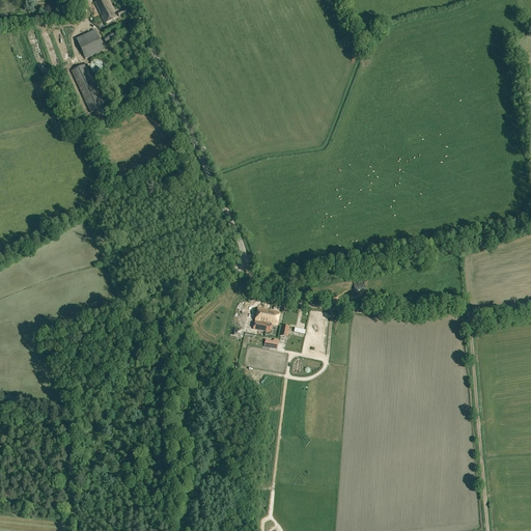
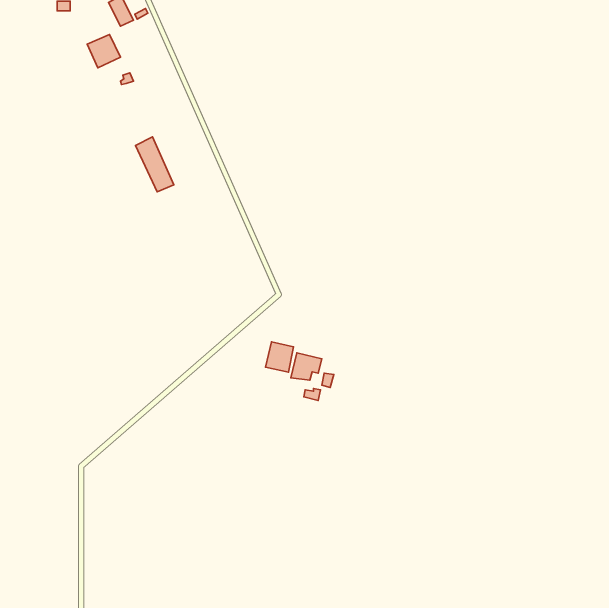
building: [72,63,105,111] -> [136,137,174,192]
building: none -> [265,342,293,372]

